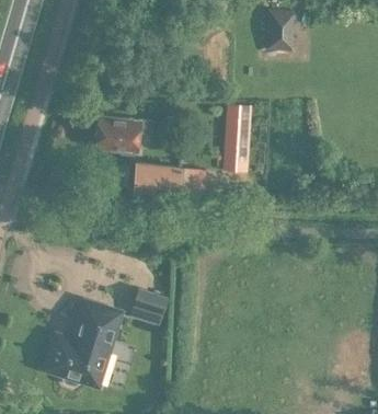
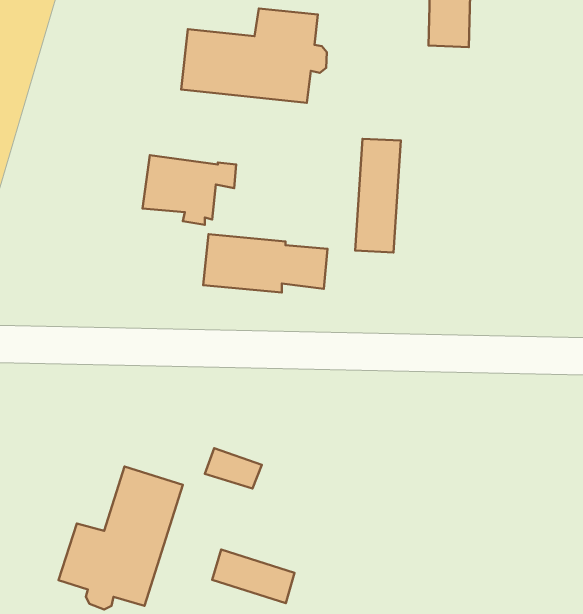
building: none -> [181,9,327,103]
building: none -> [212,550,294,603]

